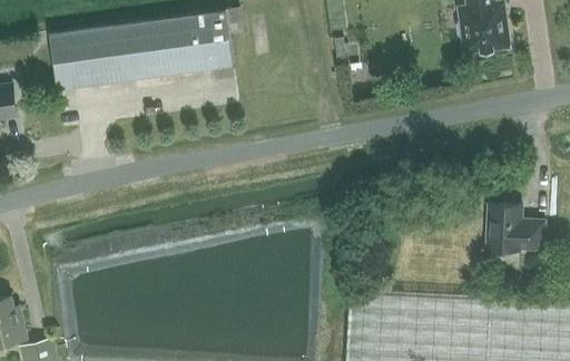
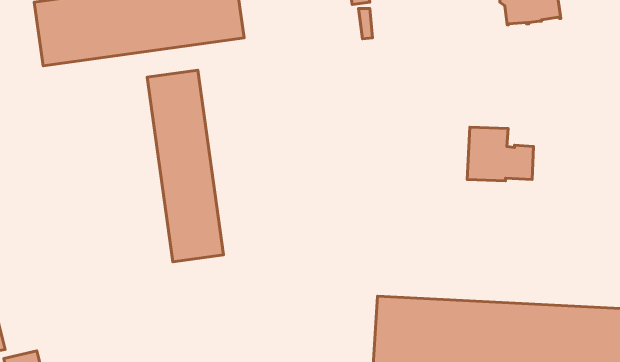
building: none -> [147,70,223,262]
building: [487,204,544,251] -> [467,127,533,181]

